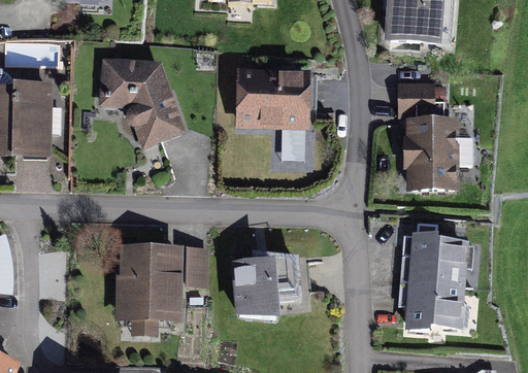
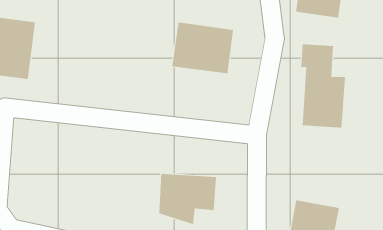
building: [100,57,186,144] -> none
building: [405,236,467,286] -> none
building: [119,245,175,317] -> none
building: [186,245,208,283] -> none

